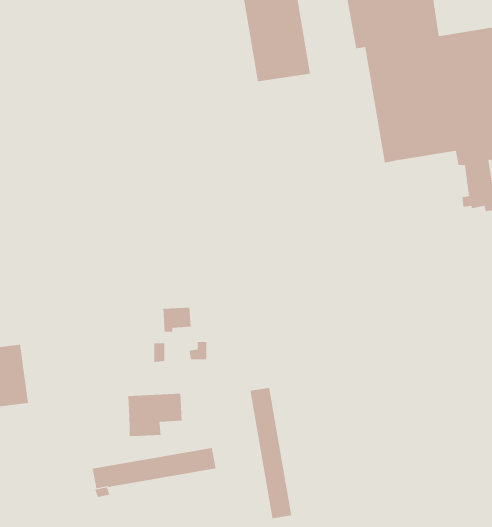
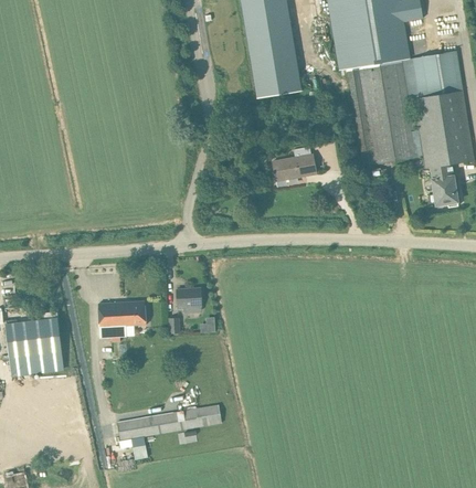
building: none -> [273,146,316,180]
building: [250,387,292,519] -> none
building: [128,393,183,437] -> [98,300,145,337]

